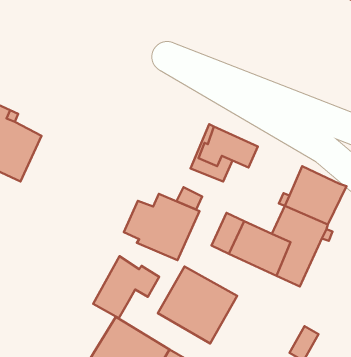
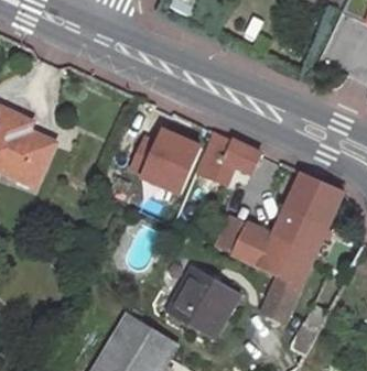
building: [124,194,200,260] -> [129,130,201,193]
building: [93,256,159,318] -> none
building: none -> [261,274,300,320]

